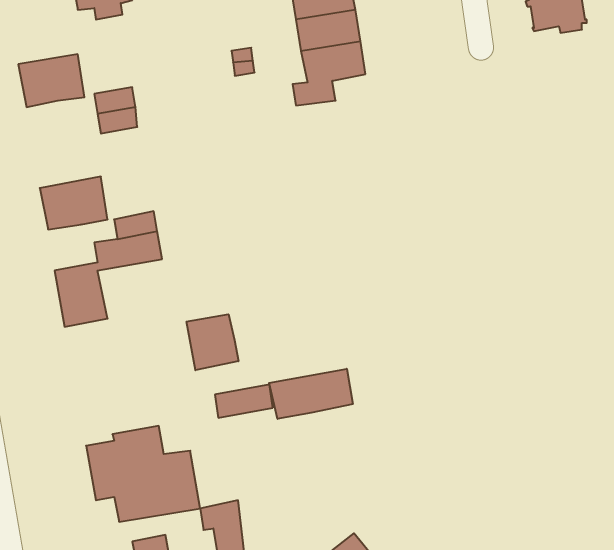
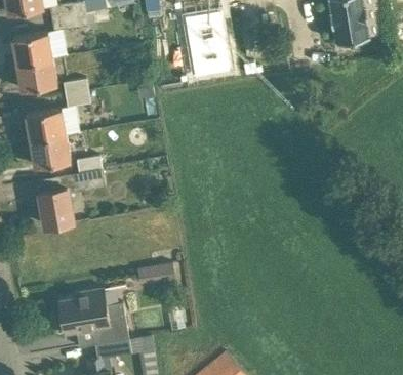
building: none -> [11,33,52,65]
building: none -> [25,109,67,141]
building: [187,314,238,370] -> none
building: [269,369,353,419] -> none

